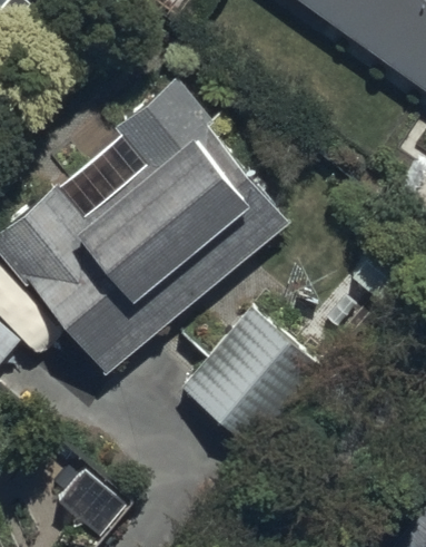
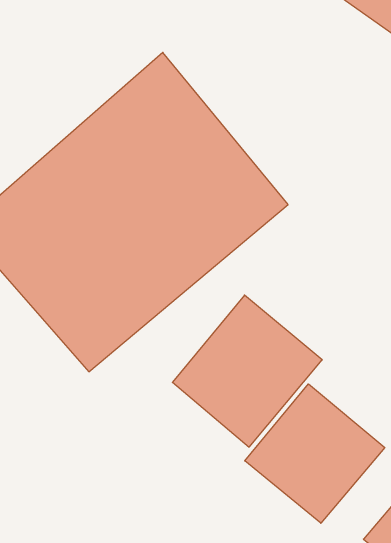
building: none -> [245,384,385,523]

